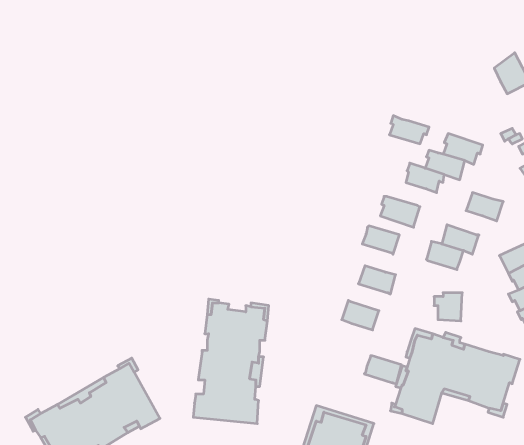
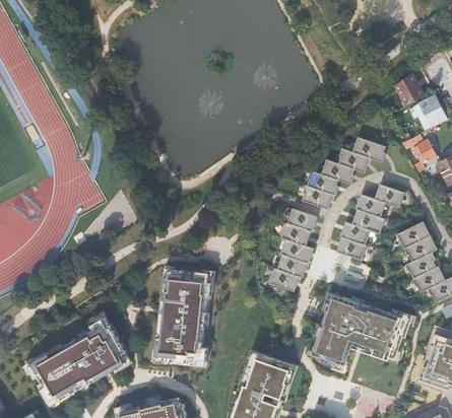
building: [389,116,429,144] -> [308,171,339,194]
building: none -> [354,194,384,217]
building: none -> [282,224,312,247]
building: none -> [335,237,365,260]
building: [364,356,401,384] -> [279,256,309,278]

